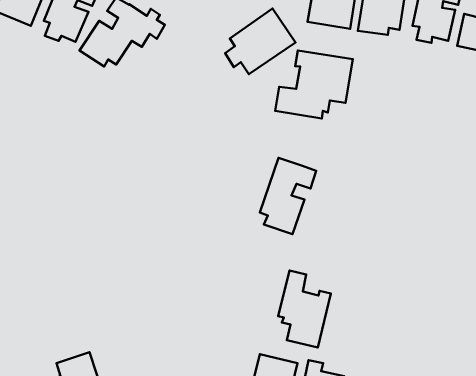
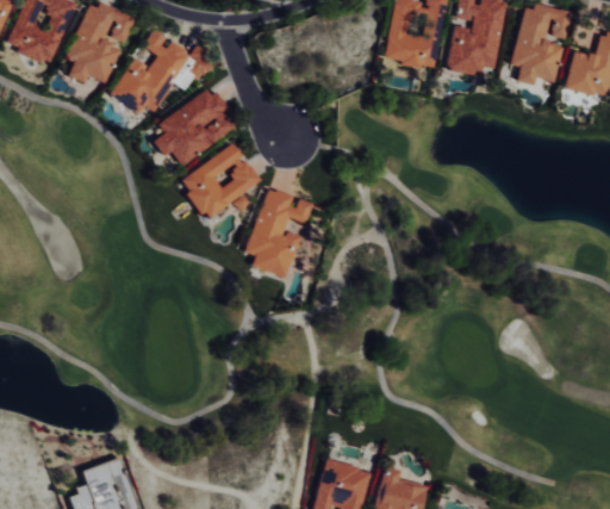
building: [225,9,295,74] -> [152,87,237,166]
building: [275,50,353,119] -> none
building: none -> [181,143,260,219]
building: [260,158,316,234] -> [245,187,313,279]
building: [278,271,331,347] -> none

